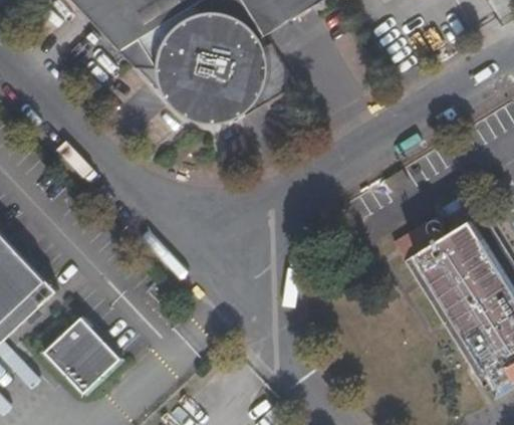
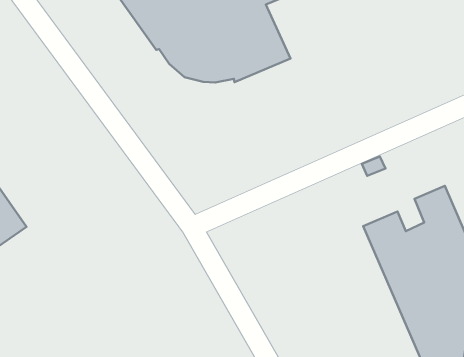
building: [44,313,121,392] -> none

